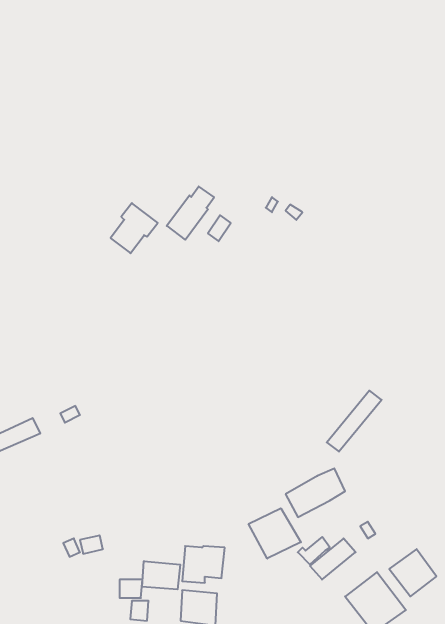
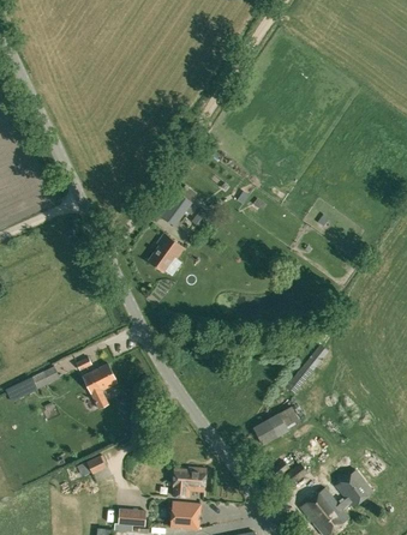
building: [111,203,158,253] -> [146,233,184,272]
building: none -> [82,363,115,409]
building: [249,508,301,559] -> none
building: [142,561,180,589] -> none

